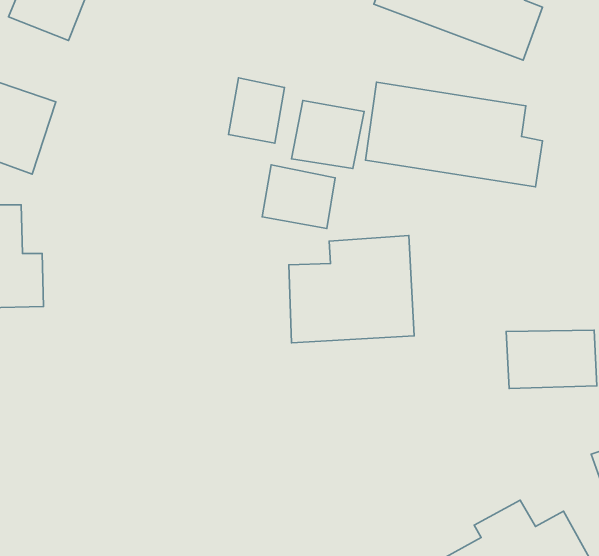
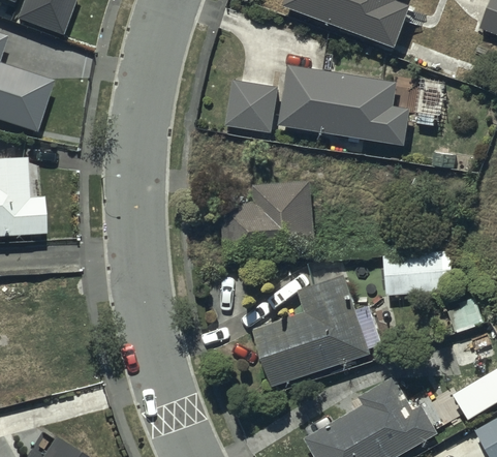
building: [228,78,285,143] -> none
building: [262,165,335,228] -> none
building: none -> [253,276,380,387]

